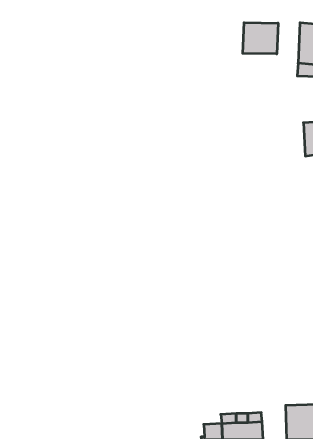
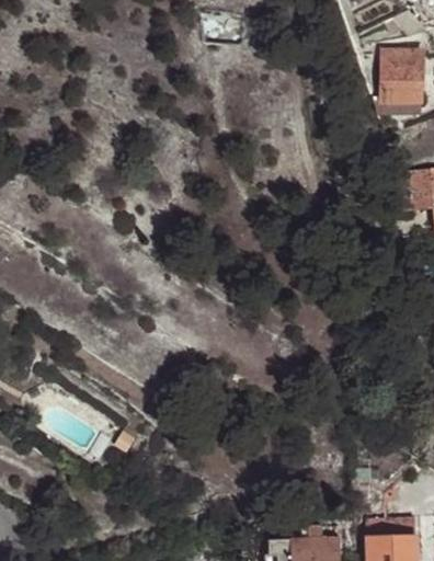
building: [243,23,278,54] -> none

